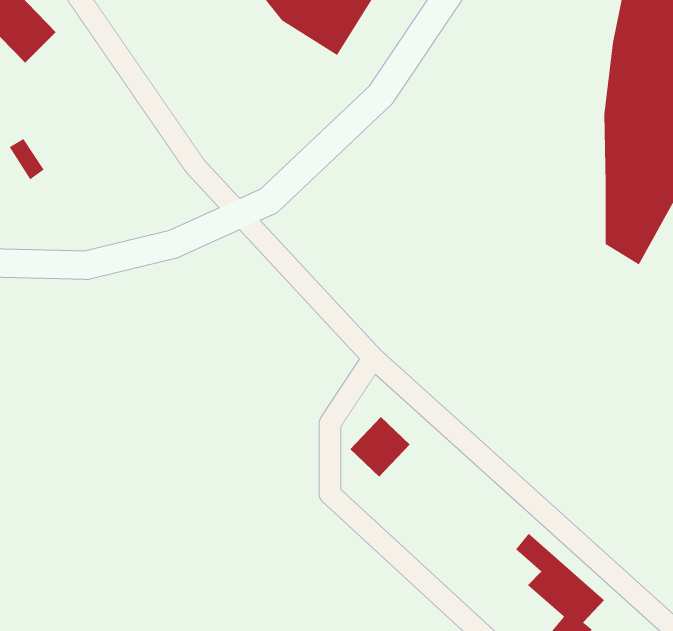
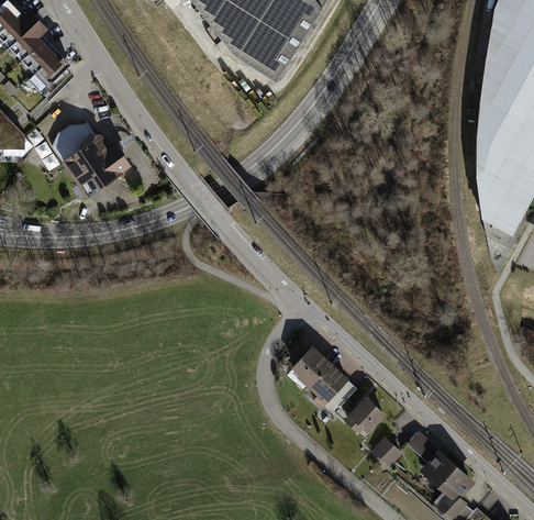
building: none -> [55,123,133,191]
building: none -> [310,366,358,413]
building: none -> [345,397,386,436]
building: none -> [372,436,403,467]

